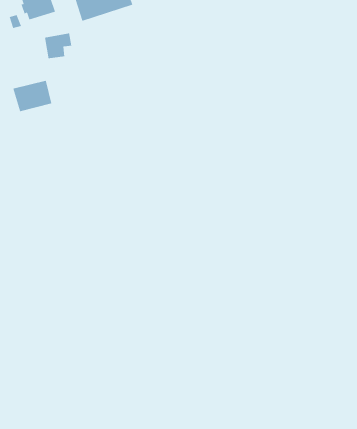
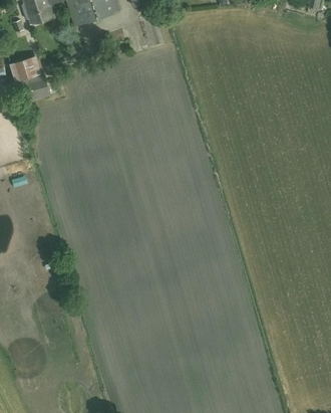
building: [44,33,72,59] -> [10,53,34,75]

